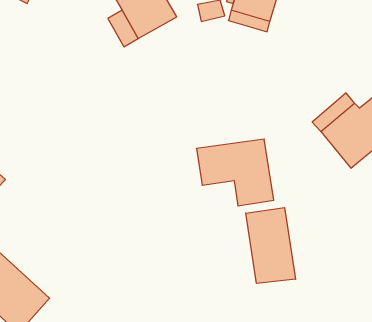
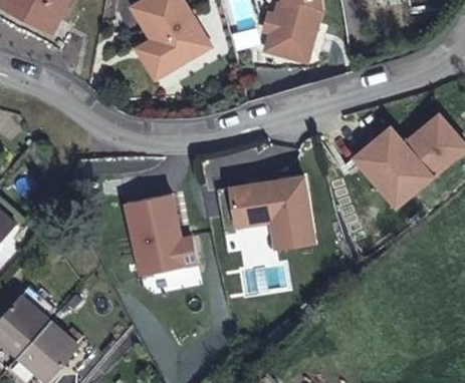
building: none -> [124,194,196,275]
building: [246,208,296,283] -> none

